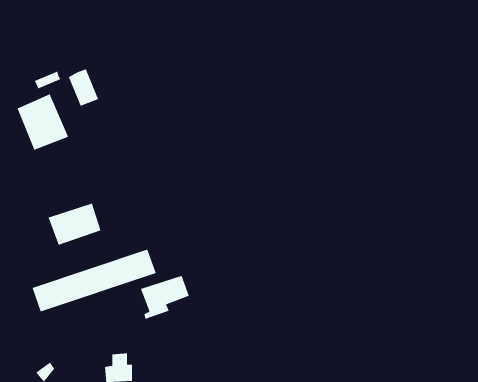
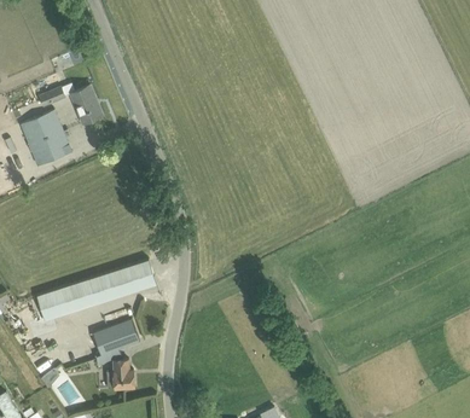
building: [47,202,101,246] -> none
building: [140,275,190,320] -> [91,320,139,364]

